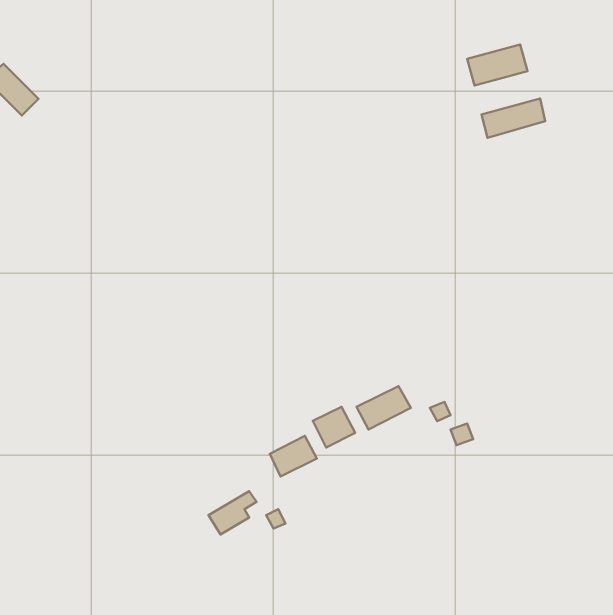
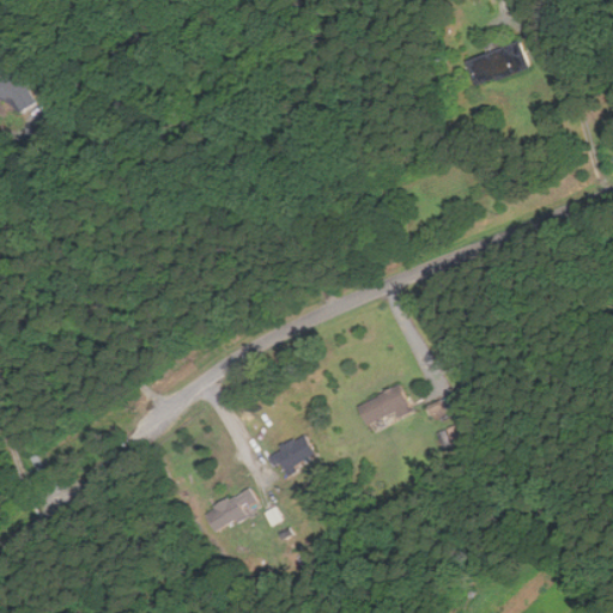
building: [482,99,545,138] -> none
building: [313,407,355,448] -> none

